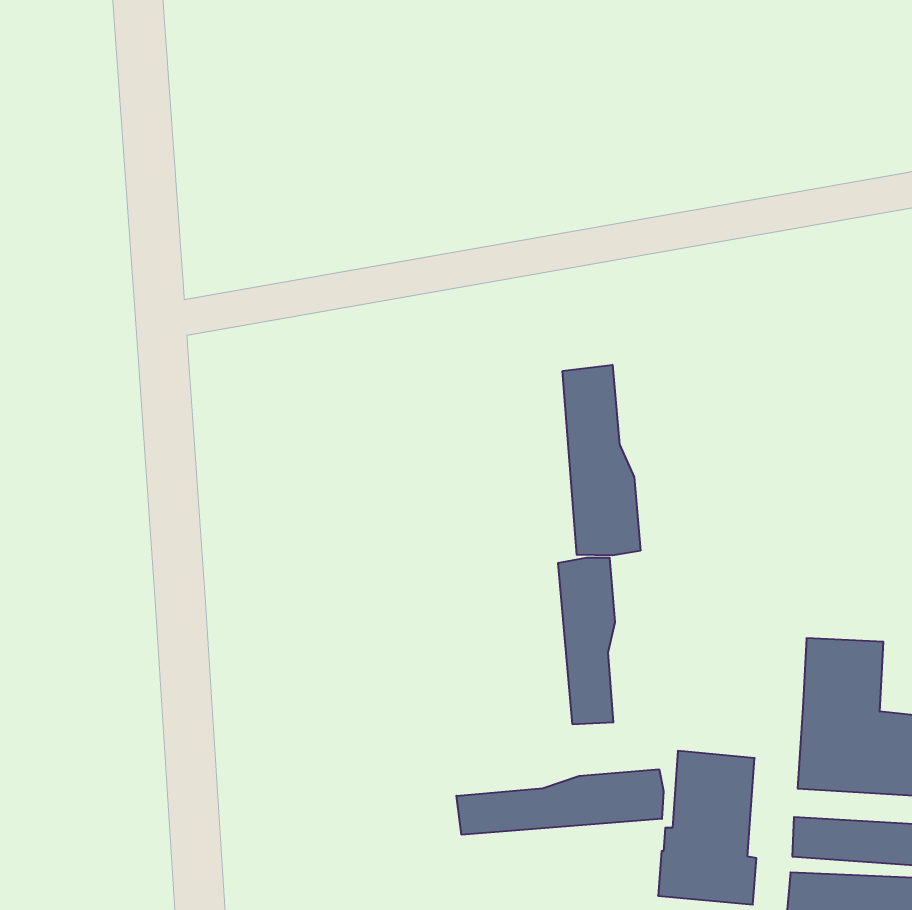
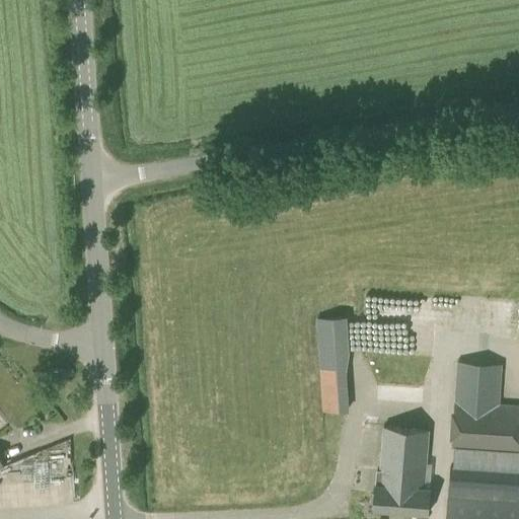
building: [563,365,640,555] -> none
building: [456,769,663,835] -> none

